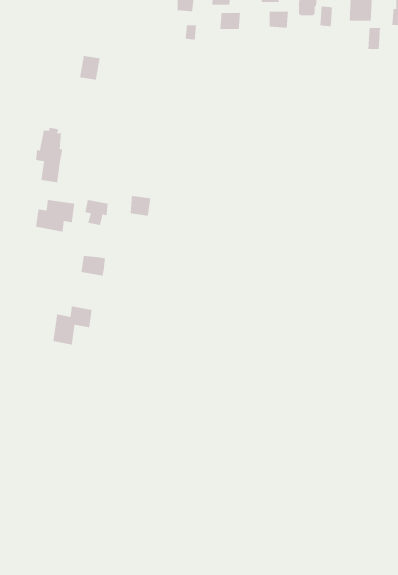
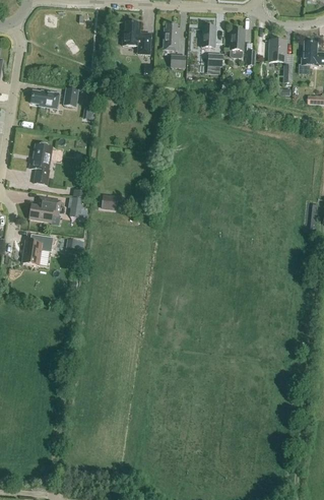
building: none -> [30,90,59,109]
building: [52,305,92,345] -> [22,235,53,265]

